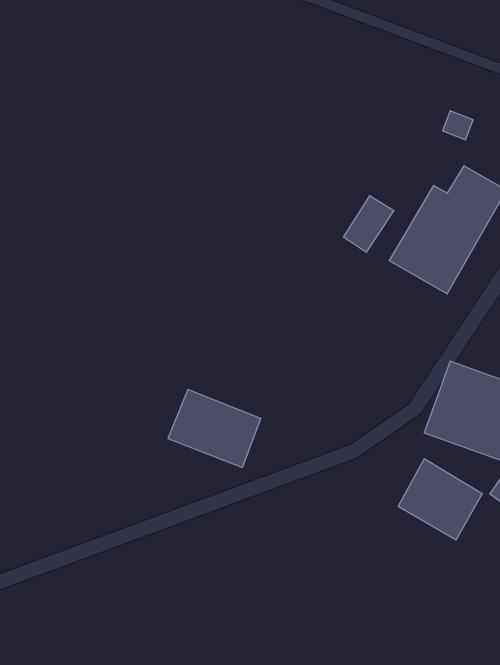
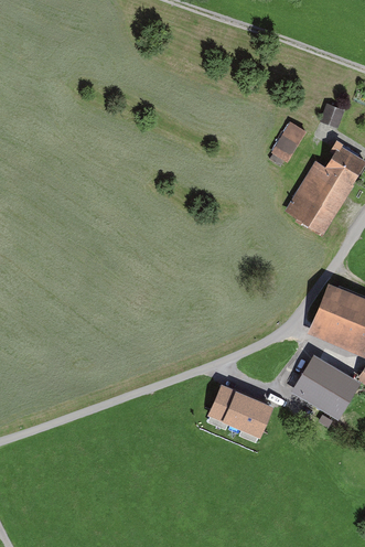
building: [344,196,394,252] -> [271,121,308,162]
building: [168,390,261,467] -> [210,379,277,436]

